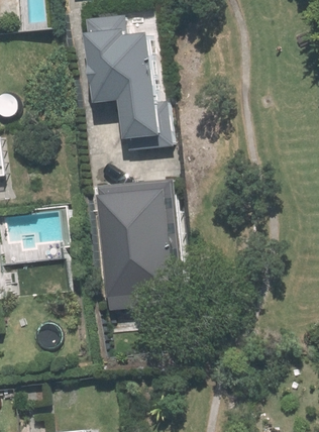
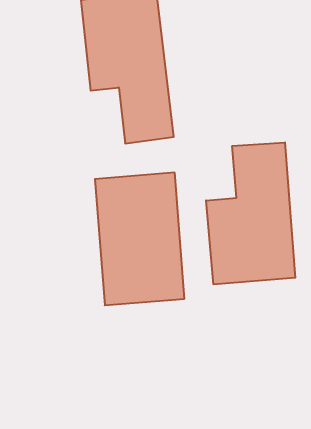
building: none -> [206,142,295,284]

